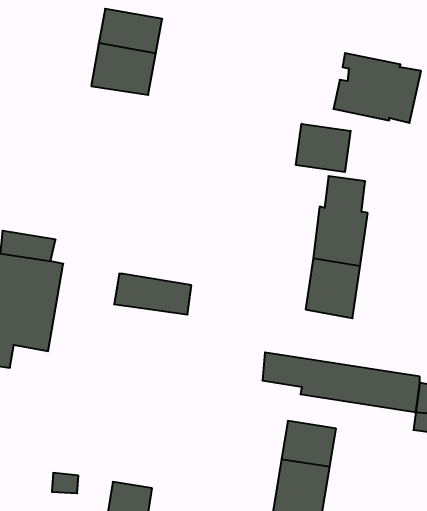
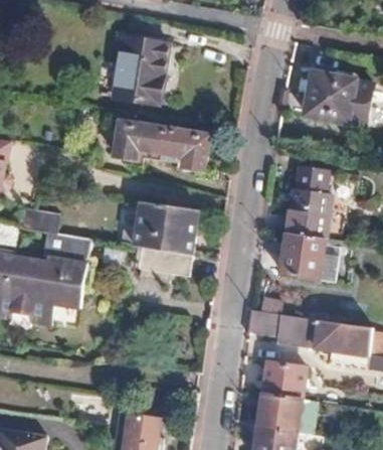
building: none -> [115,118,208,170]
building: [296,124,351,172] -> none
building: none -> [137,202,198,255]

